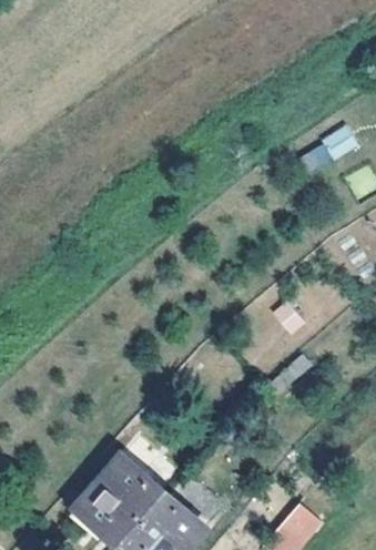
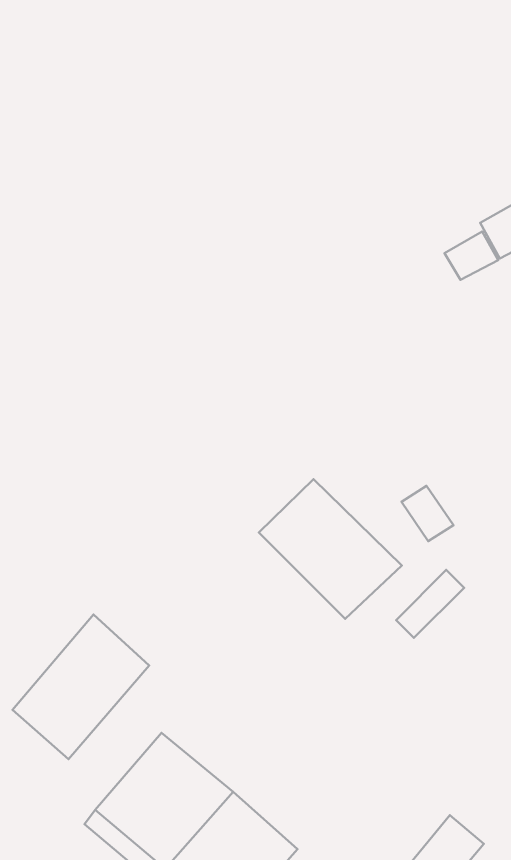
building: none -> [259,479,402,619]
building: none -> [13,615,149,759]

